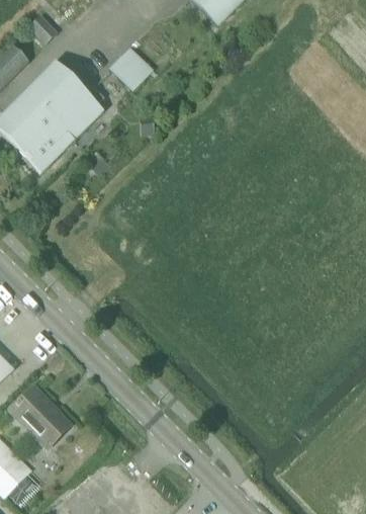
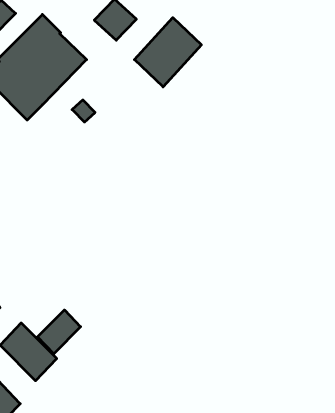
building: none -> [134,18,201,87]
building: none -> [38,310,81,354]

